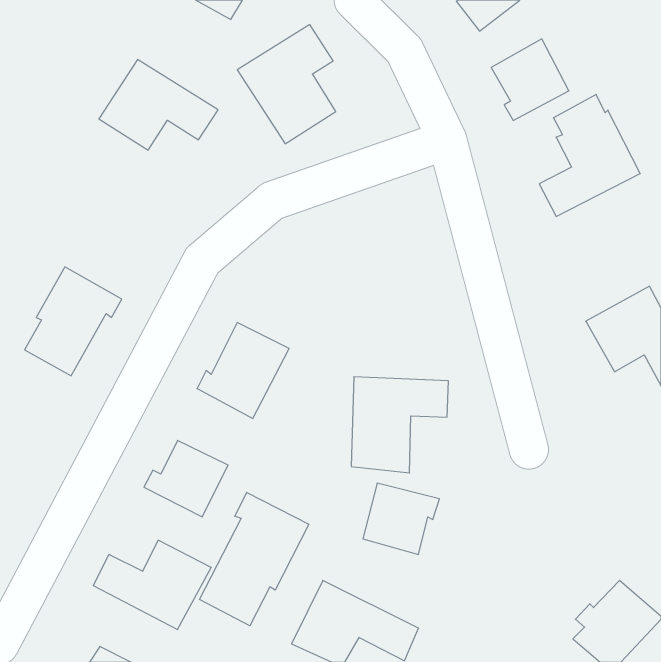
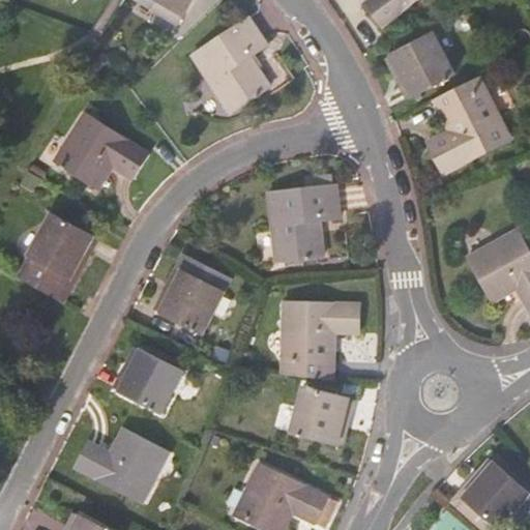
building: [99,59,218,150] -> [54,115,149,187]
building: none -> [264,178,335,263]
building: [200,492,309,626] -> none

